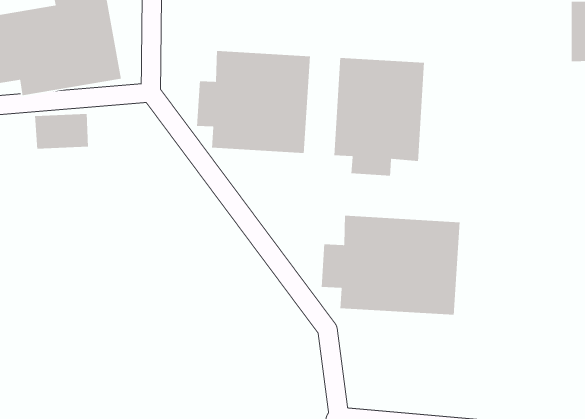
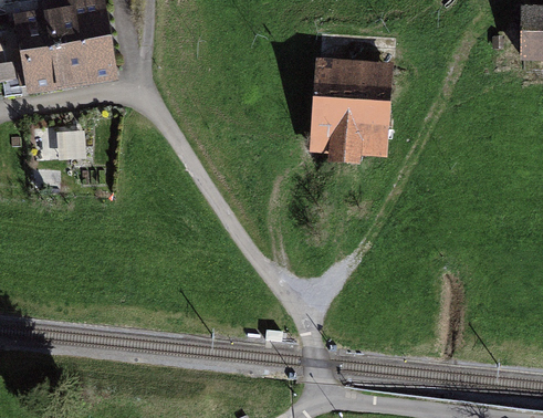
building: [196,50,311,154] -> none
building: [321,215,460,316] -> none

